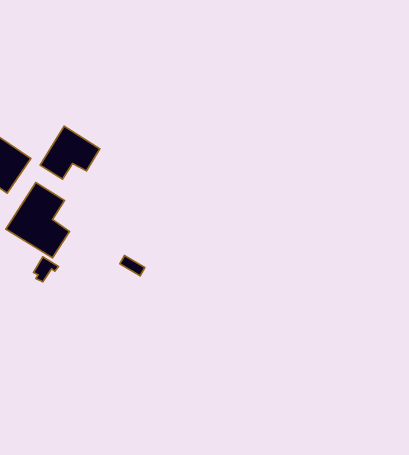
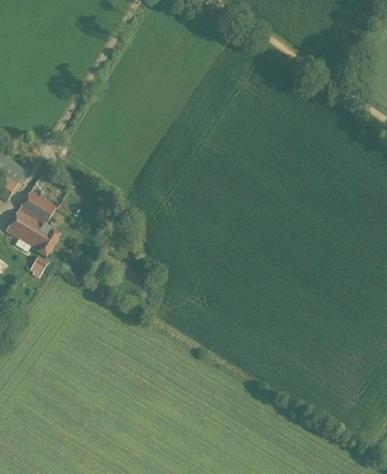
building: [40,126,100,179] -> none

